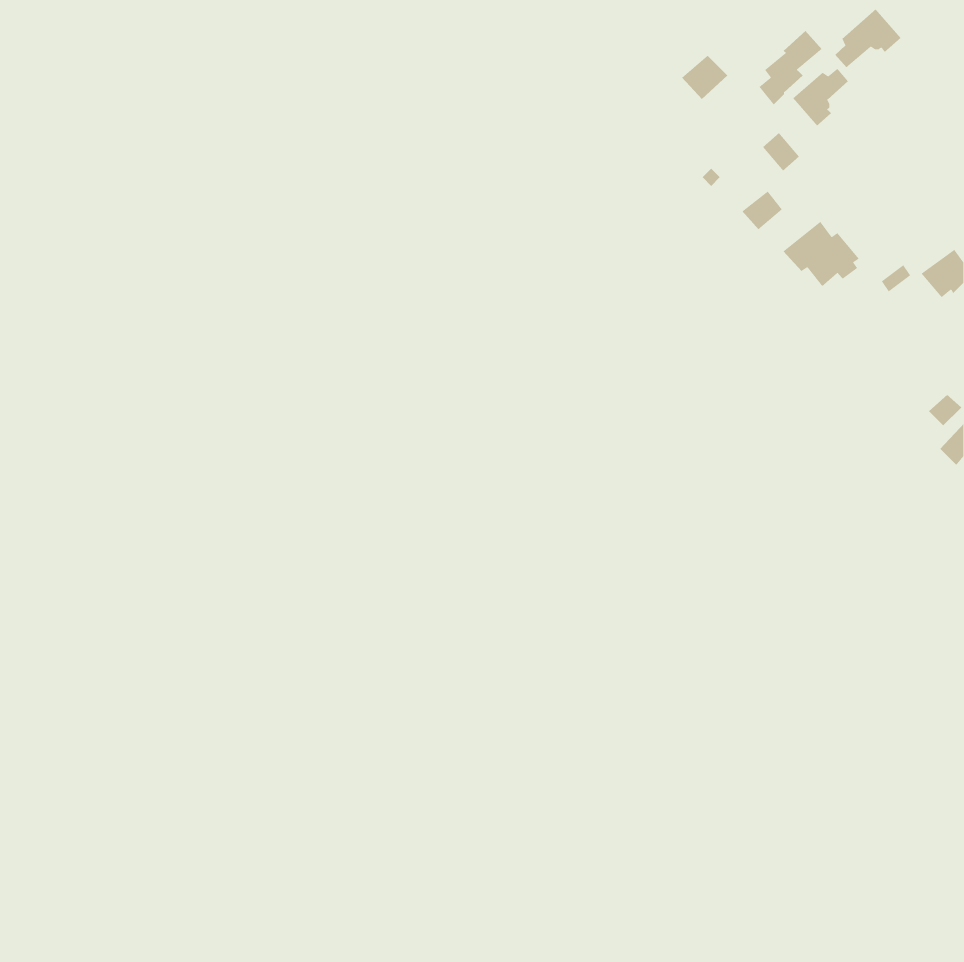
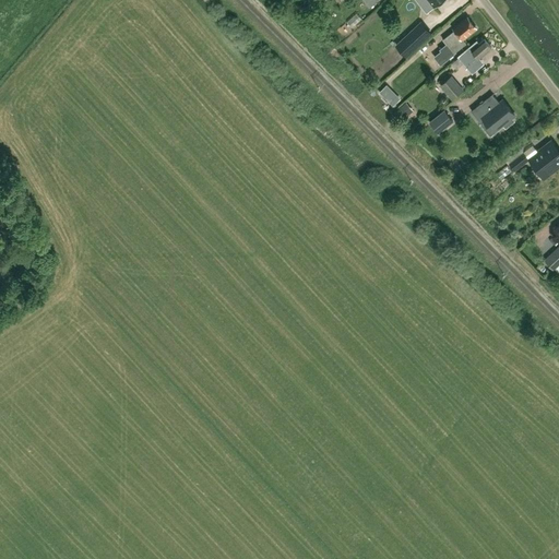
building: [834,9,902,68] -> none
building: [783,221,860,287] -> [471,95,515,133]

